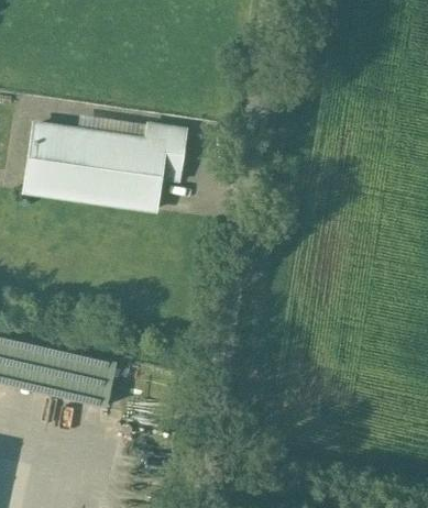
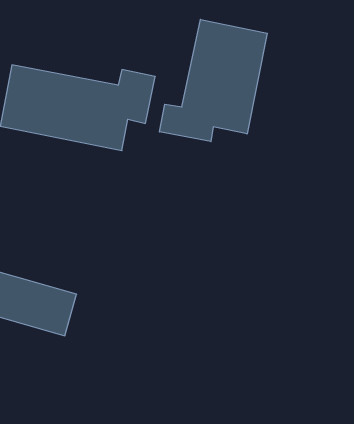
building: none -> [160,19,267,142]

